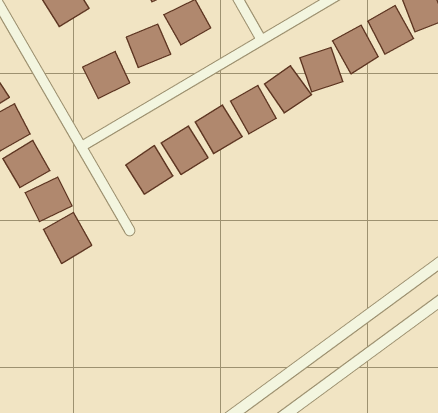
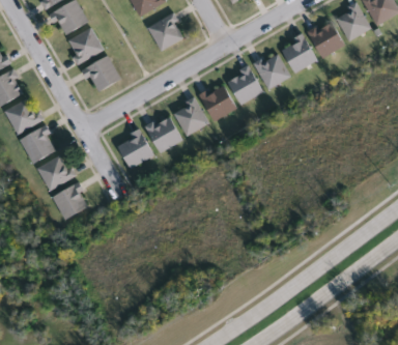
building: [126,24,171,67] -> [67,29,103,63]

